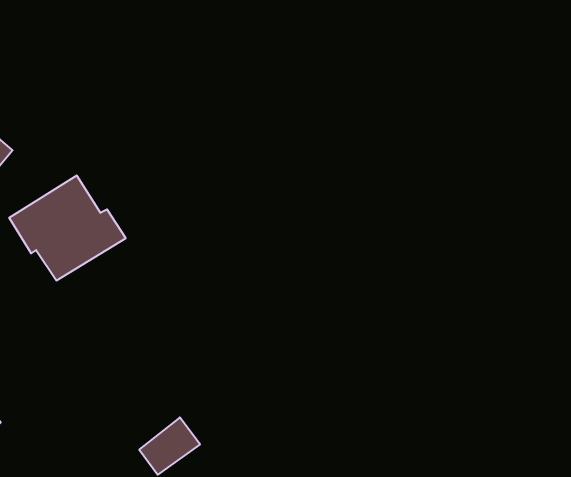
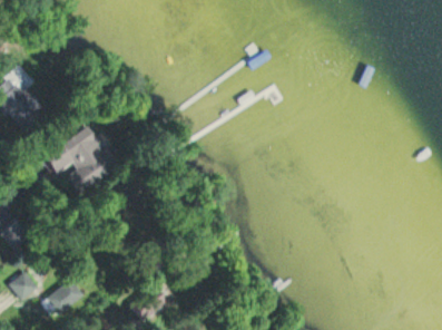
building: none -> [47,279,86,316]

